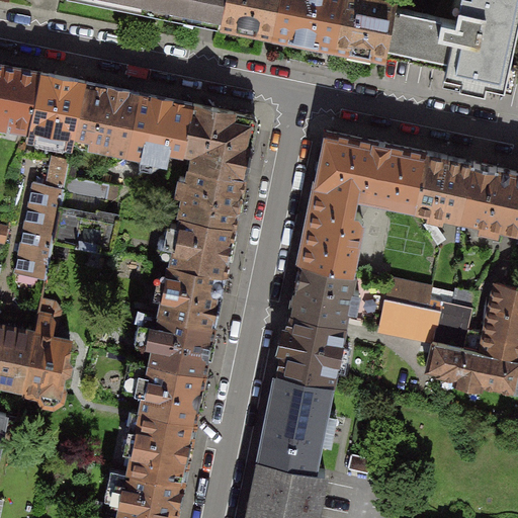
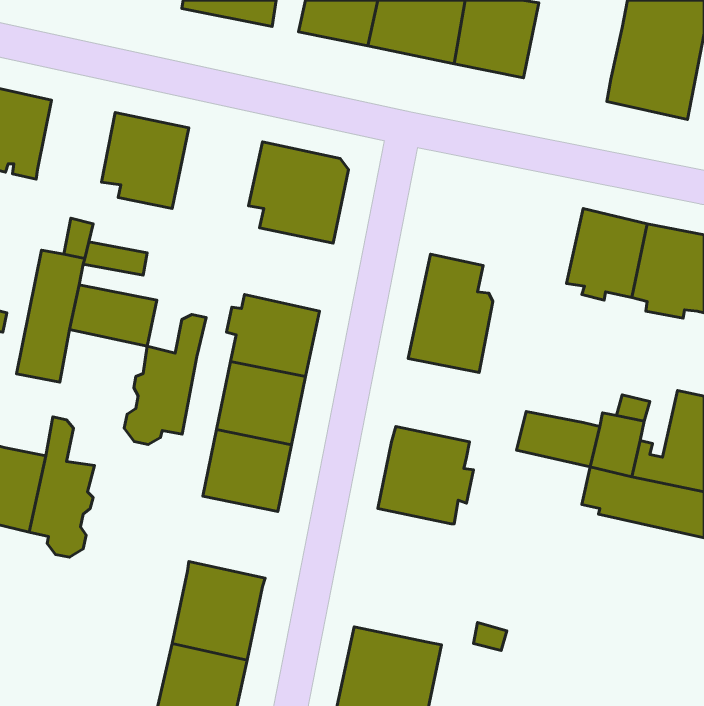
building: [386,10,453,61] -> none
building: [27,76,84,138] -> none
building: [125,96,191,162] -> none
building: [314,134,425,209] -> none
building: [174,169,243,230] -> none
building: none -> [124,315,206,444]
building: [288,264,356,325] -> none
building: [383,280,430,311] -> none
building: [138,364,202,424] -> none
building: [258,373,329,470] -> none

